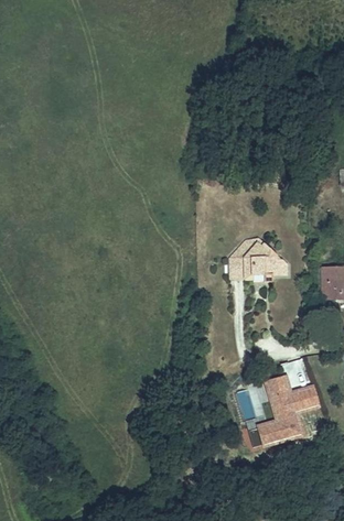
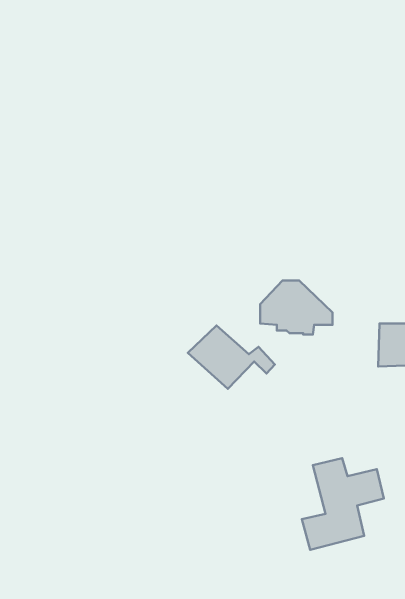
building: none -> [188,325,275,389]

